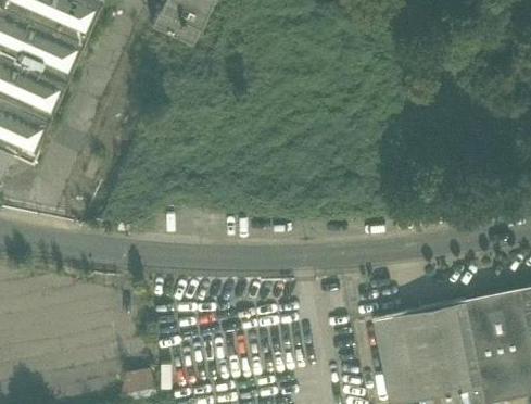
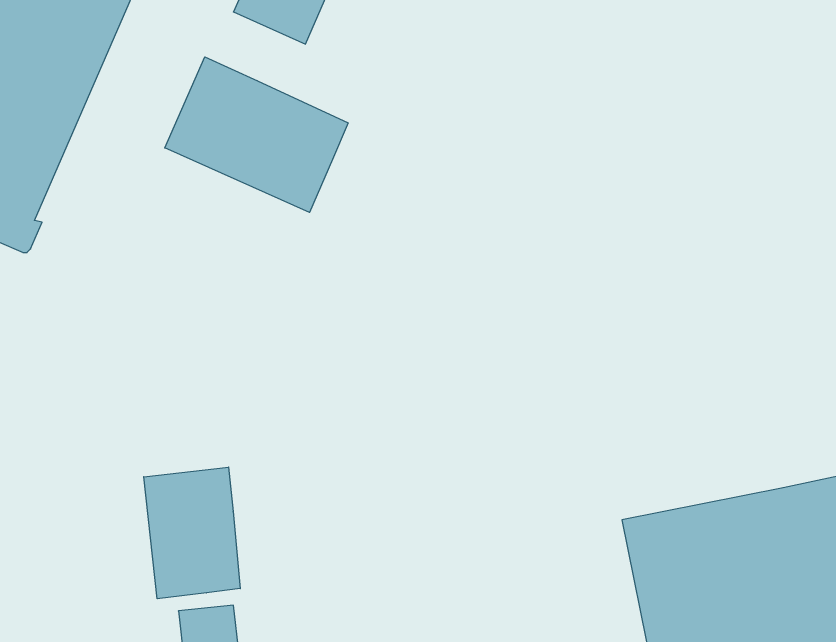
building: none -> [165,57,348,212]
building: none -> [144,467,240,599]

